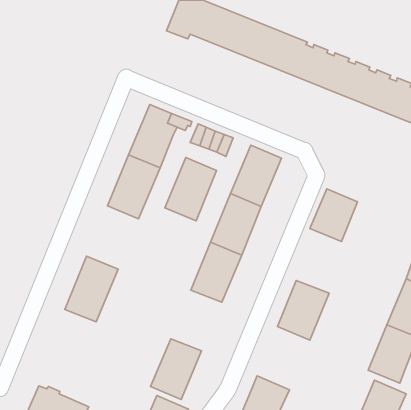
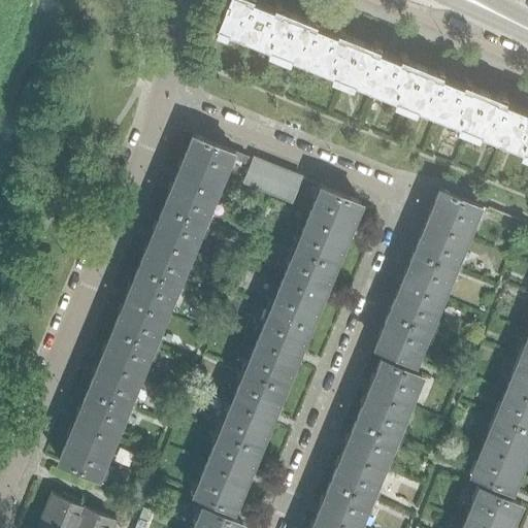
building: none -> [420,194,481,262]
building: [165,158,217,221] -> [113,267,179,348]
building: none -> [376,296,438,367]
building: none -> [221,374,286,452]
building: none -> [59,399,126,486]
building: none -> [331,421,398,501]

